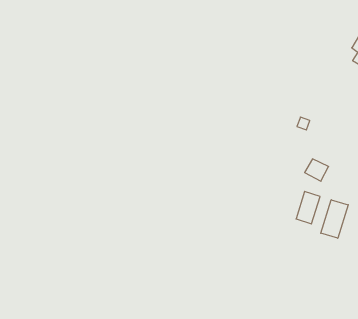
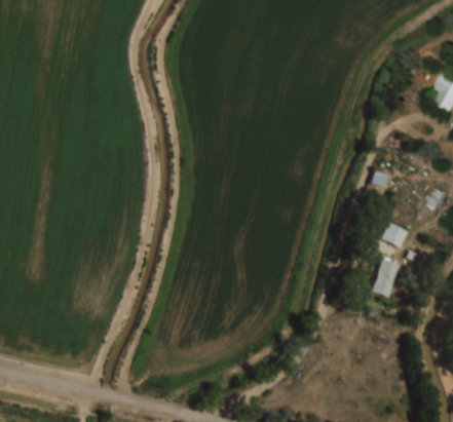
building: [321,200,348,238] -> none

